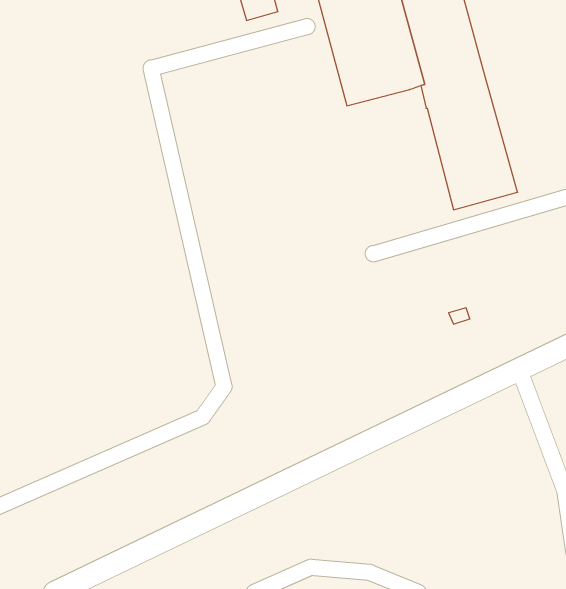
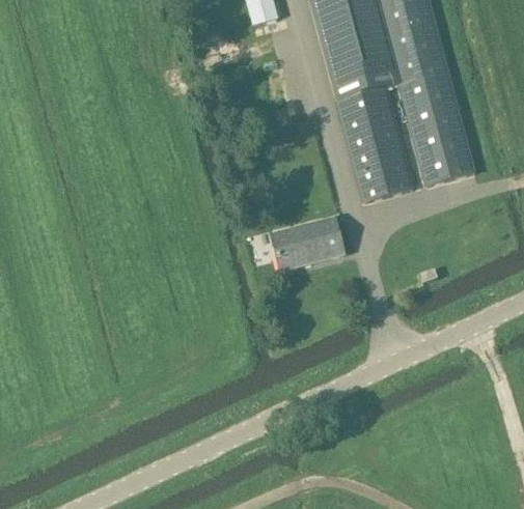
building: none -> [335,86,413,202]
building: none -> [271,217,342,268]

